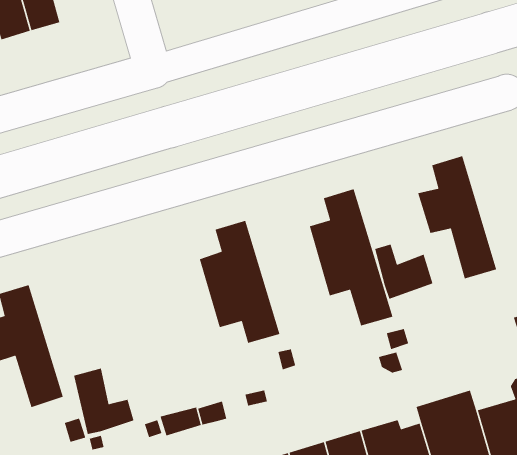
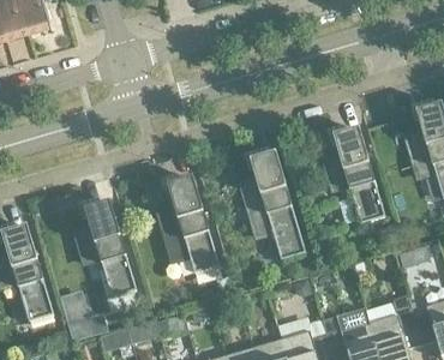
building: [374,244,433,300] -> none
building: none -> [74,200,136,295]

